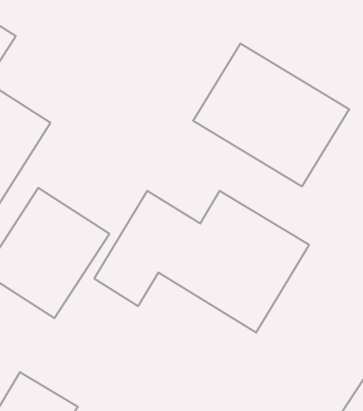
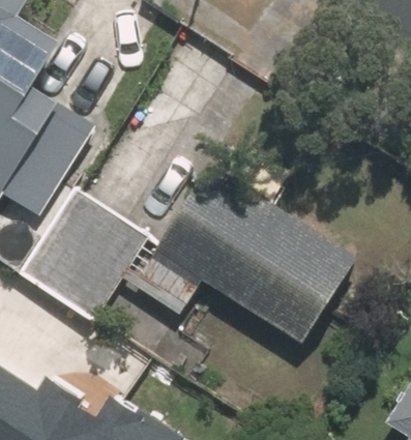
building: [193,43,349,186] -> none

